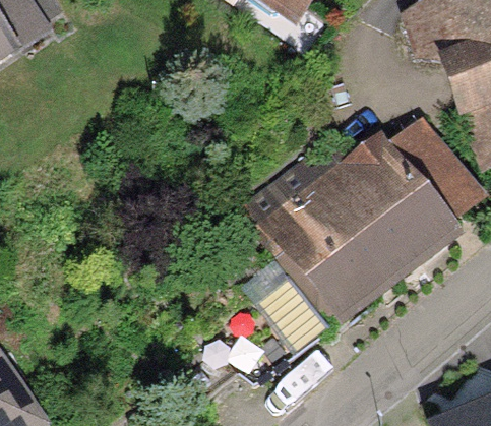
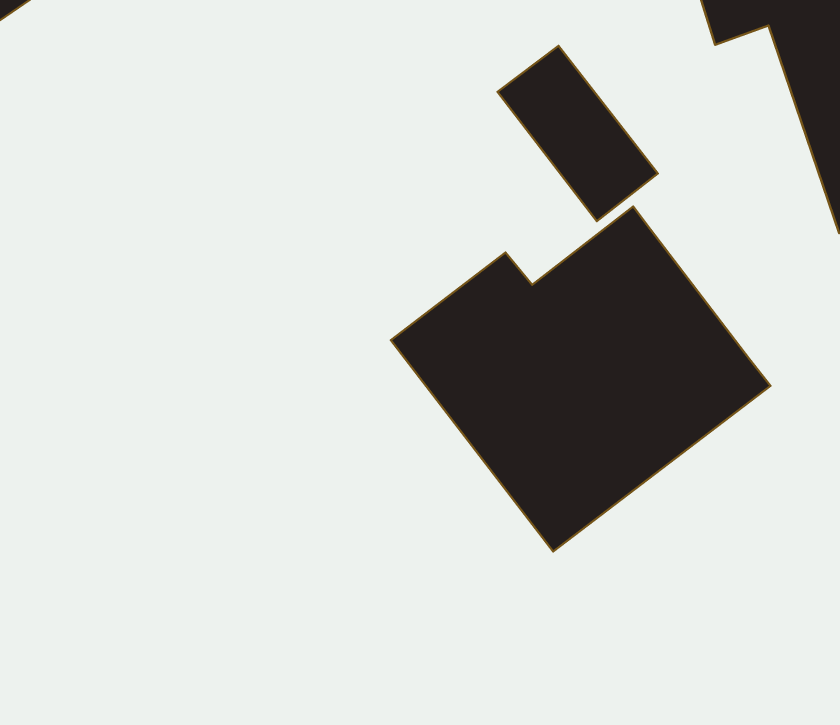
building: [381,124,467,218] -> [498,46,658,221]

